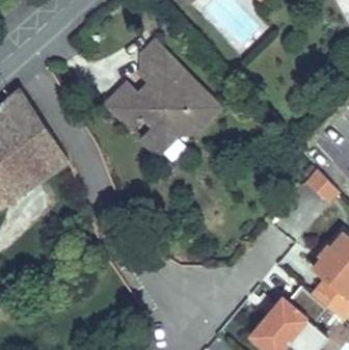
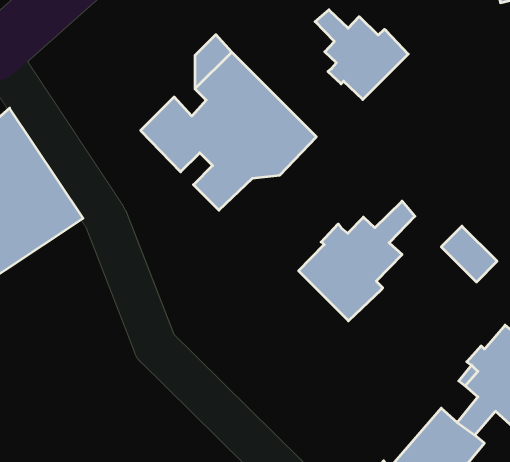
building: none -> [315,10,408,100]
building: none -> [299,201,415,321]

